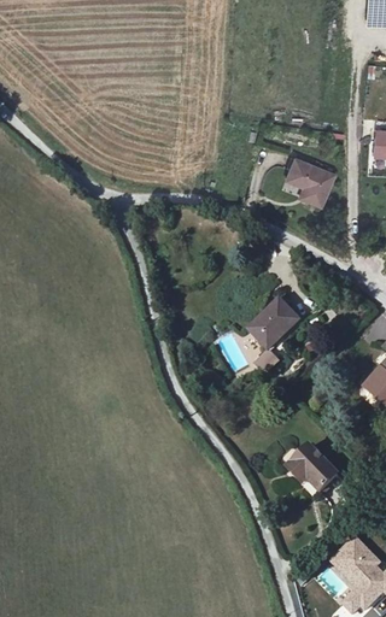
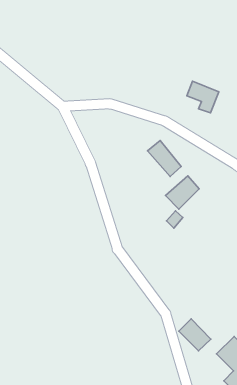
building: none -> [147,140,181,176]
building: [286,443,333,490] -> [179,319,211,351]

